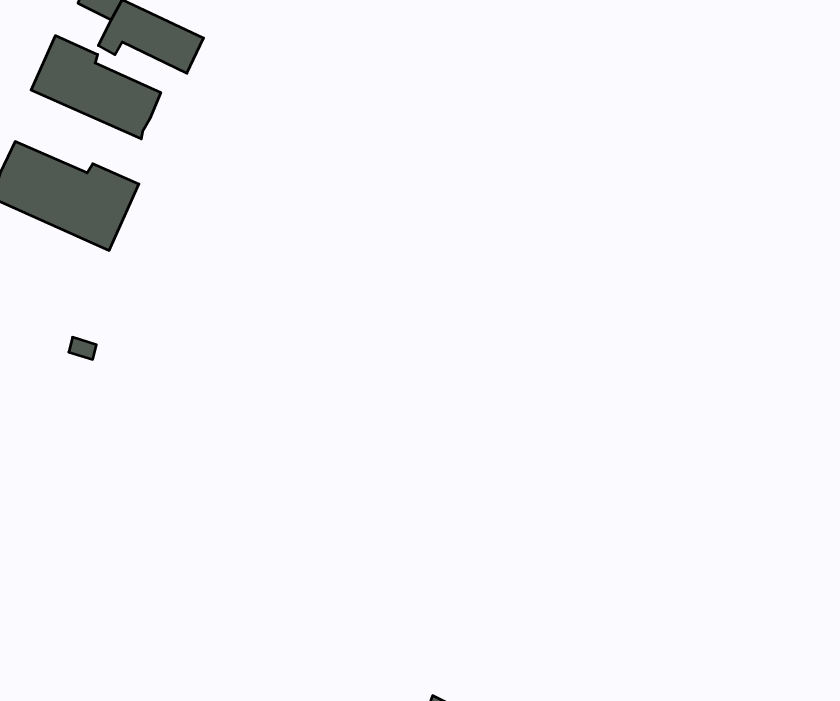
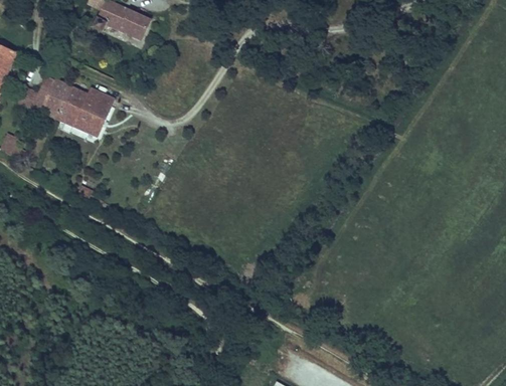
building: [31,36,161,139] -> none

